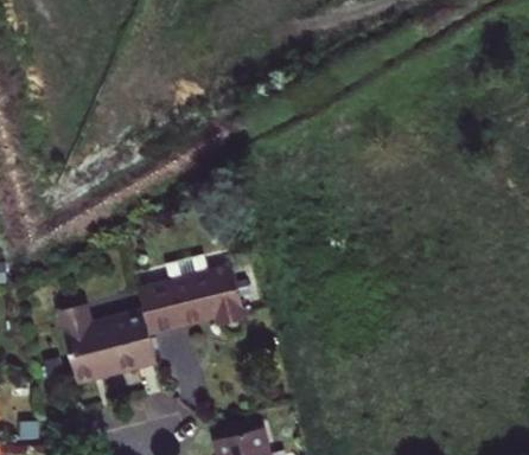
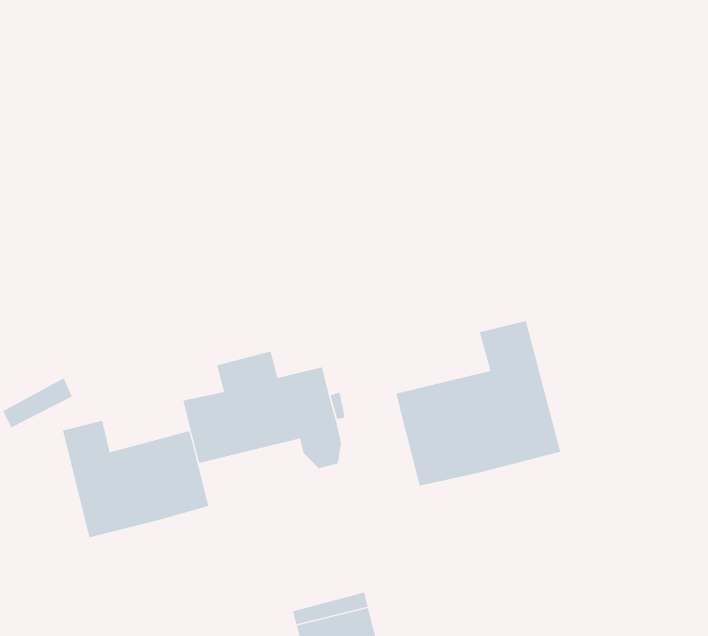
building: none -> [396,320,561,487]

